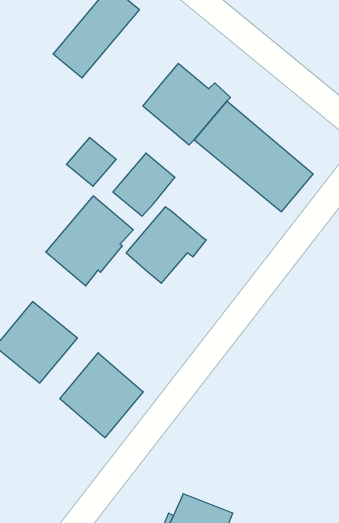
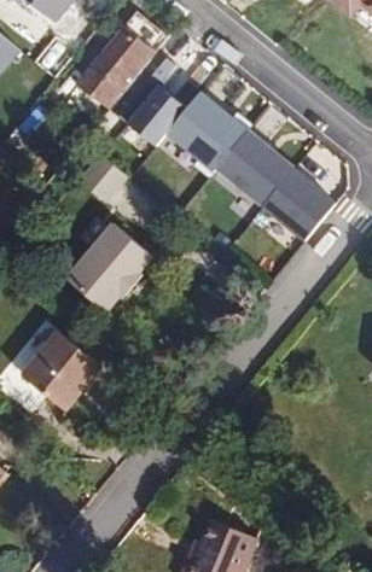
building: [113,153,175,216] -> [126,83,187,146]
building: [126,207,206,283] -> none
building: [60,353,143,438] -> none

